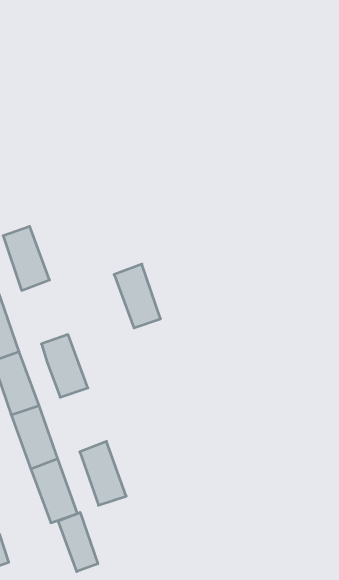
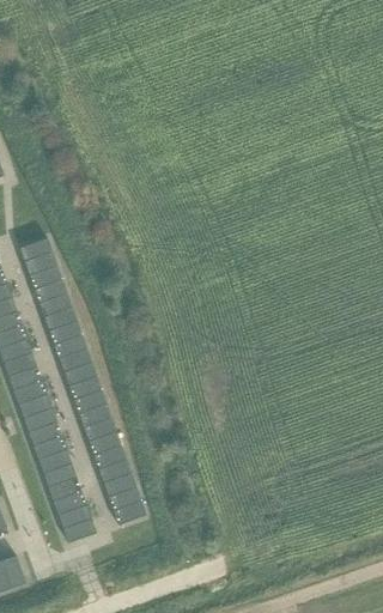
building: [114,264,161,328] -> [38,292,86,358]
building: none -> [78,403,126,469]
building: [58,512,98,572] -> none

